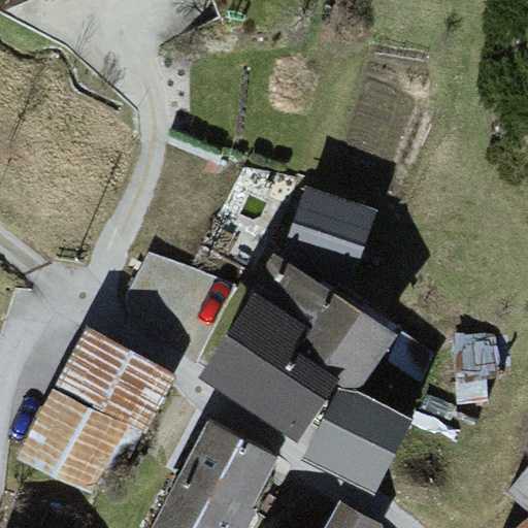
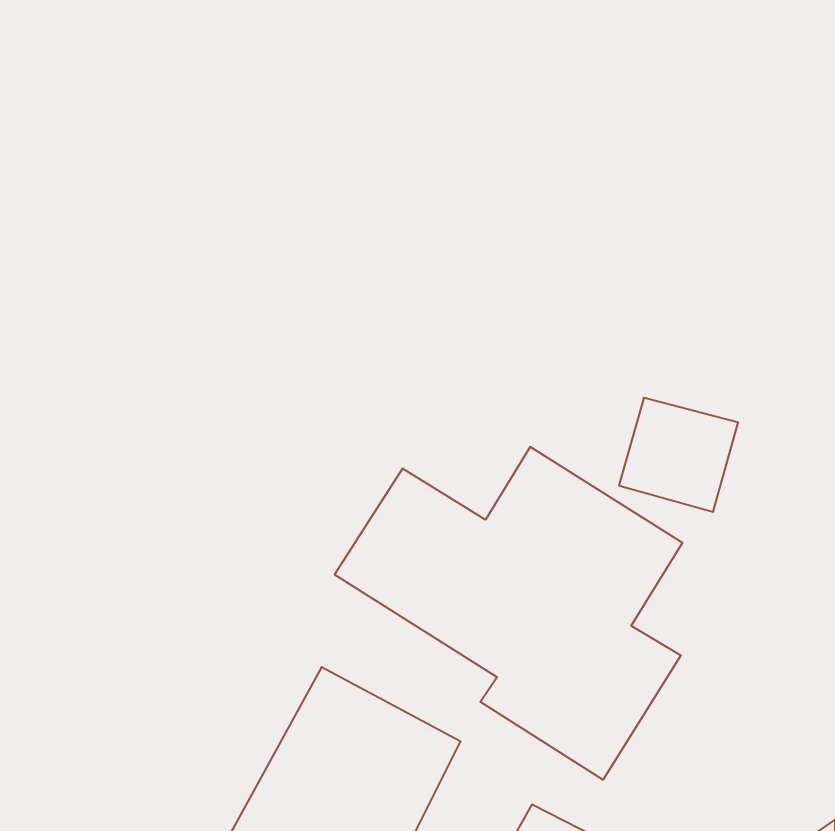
building: [280,198,355,269] -> [619,398,738,512]
building: [12,330,177,500] -> none

